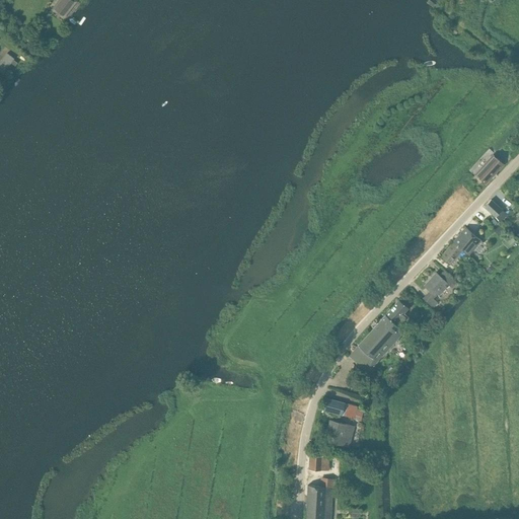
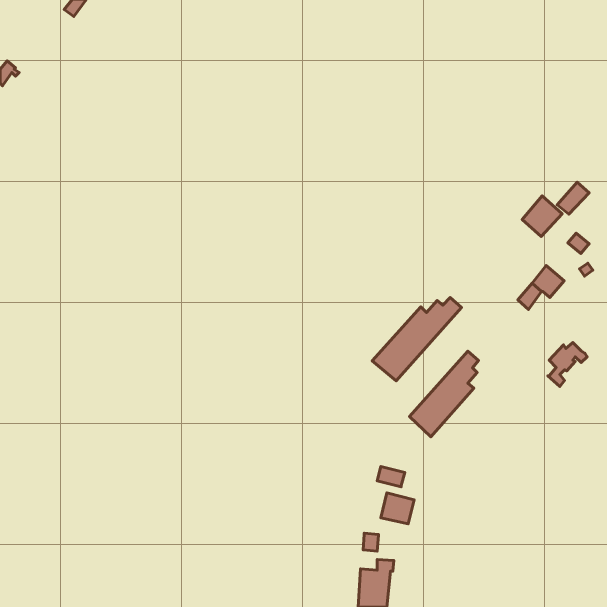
building: none -> [522,196,562,236]
building: none -> [372,297,461,381]
building: [424,270,457,307] -> [548,342,587,386]

